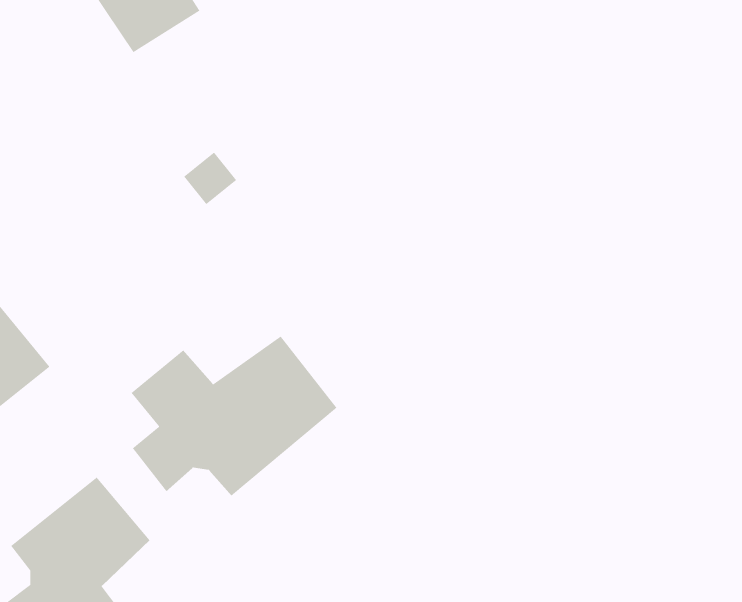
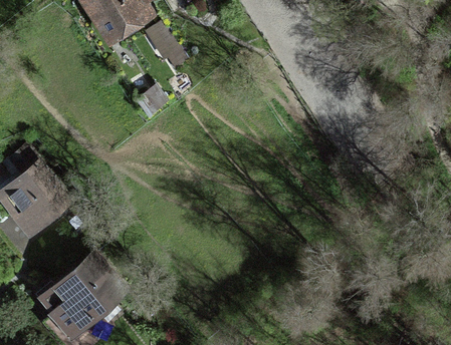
building: none -> [149,17,187,67]
building: [130,336,338,497] -> none

